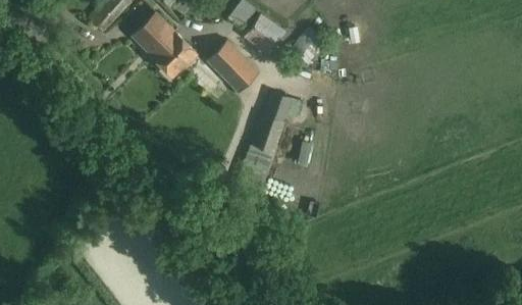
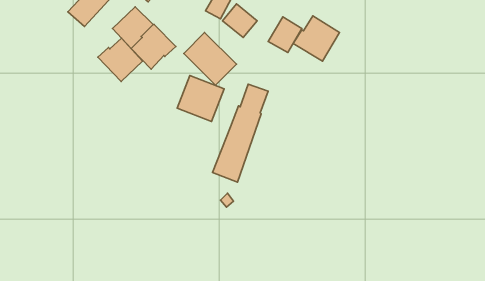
building: none -> [293,16,340,61]
building: none -> [98,38,143,82]
building: none -> [177,75,224,122]

